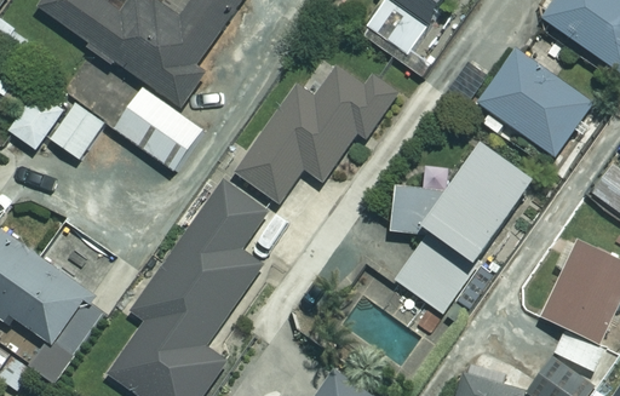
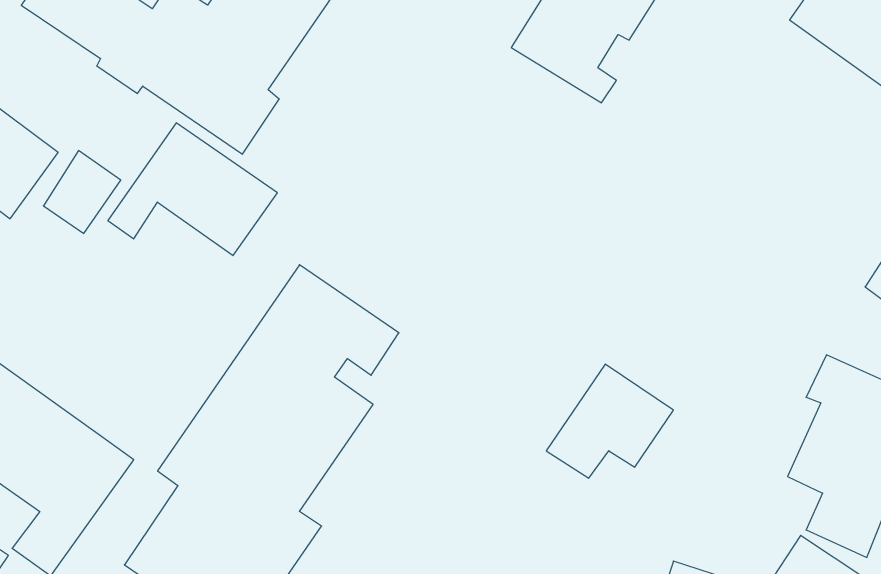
building: [477,33,596,153] -> none
building: [232,63,398,201] -> none
building: [390,145,542,269] -> none

